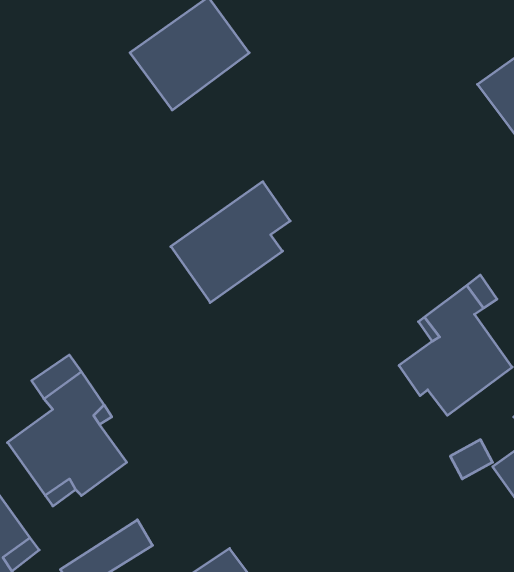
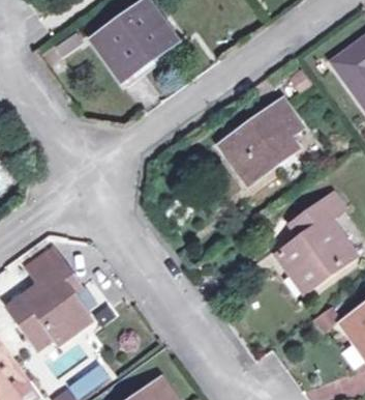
building: [171,182,290,303] -> [219,102,301,184]

